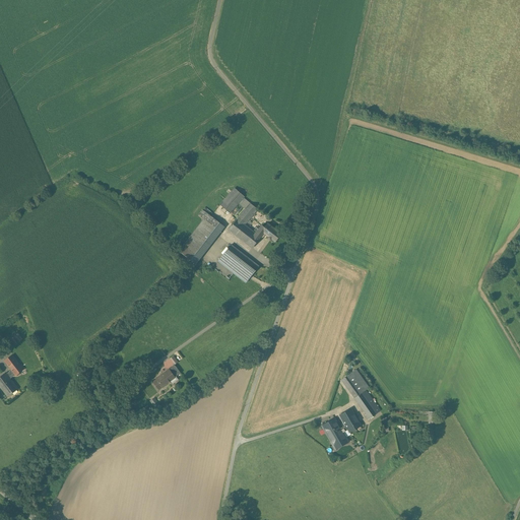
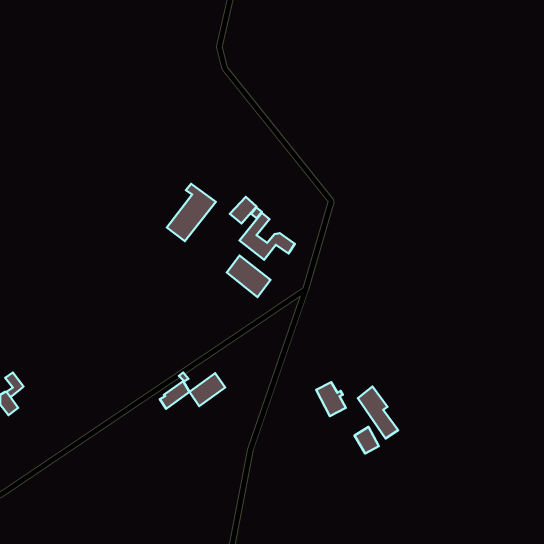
building: [179,209,225,264] -> [167,184,216,241]
building: none -> [189,373,225,406]
building: [321,417,349,450] -> [316,382,346,416]

